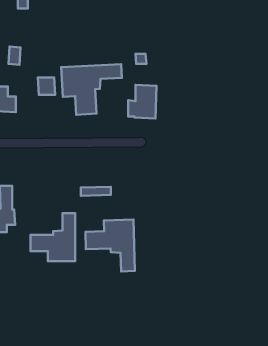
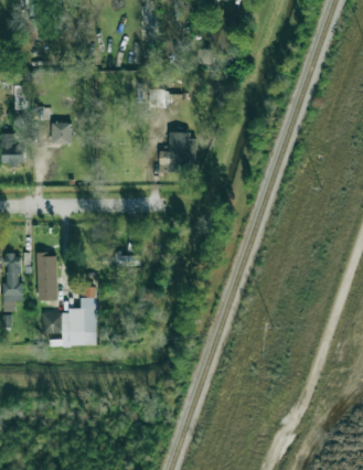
building: [61,64,122,115] -> none
building: none -> [36,254,57,300]
building: [85,220,135,271] -> none

